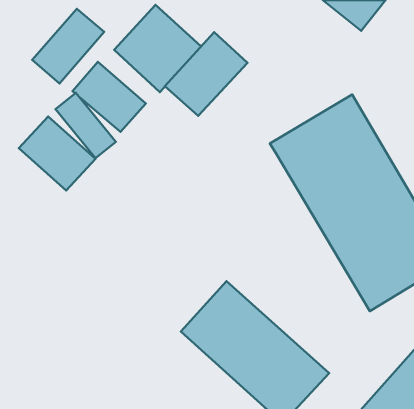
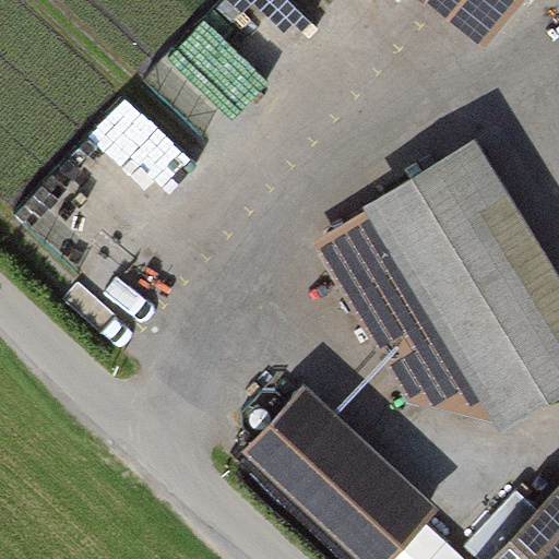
building: [32,9,104,84] -> none
building: [165,32,248,116] -> none
building: none -> [316,214,499,427]

